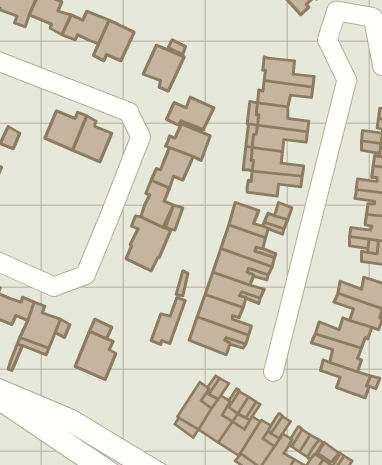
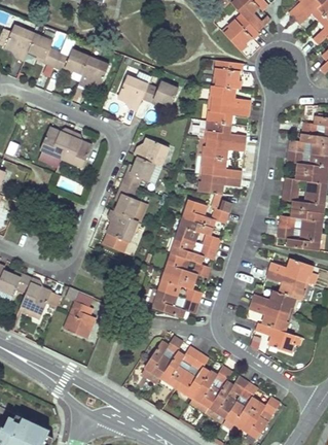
building: none -> [213,60,242,89]
building: [166,97,214,130] -> [142,80,179,106]
building: [151,297,185,344] -> none

